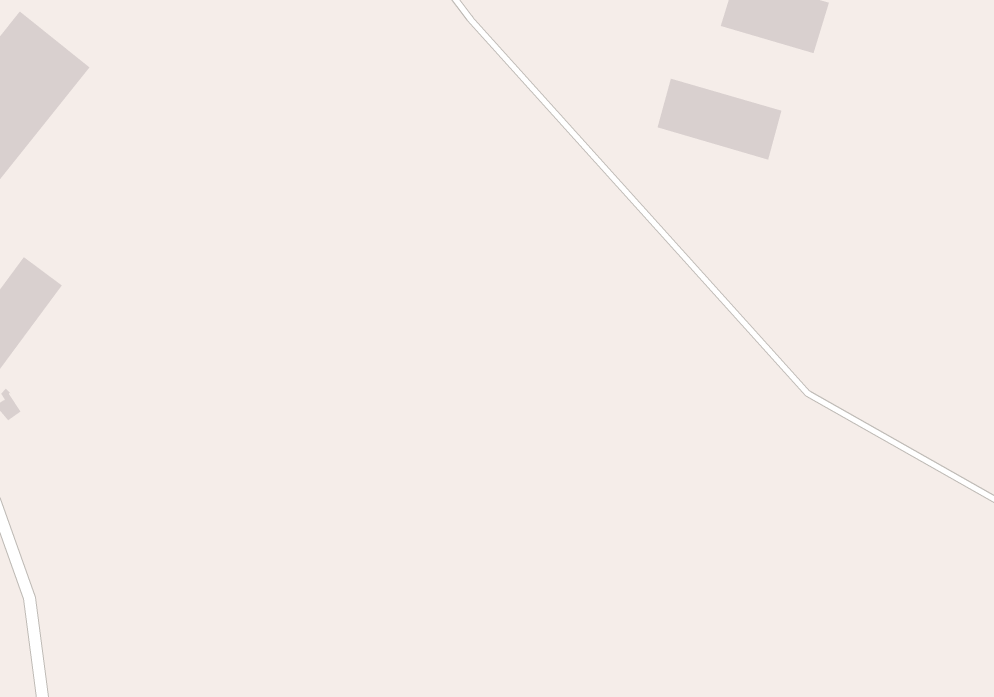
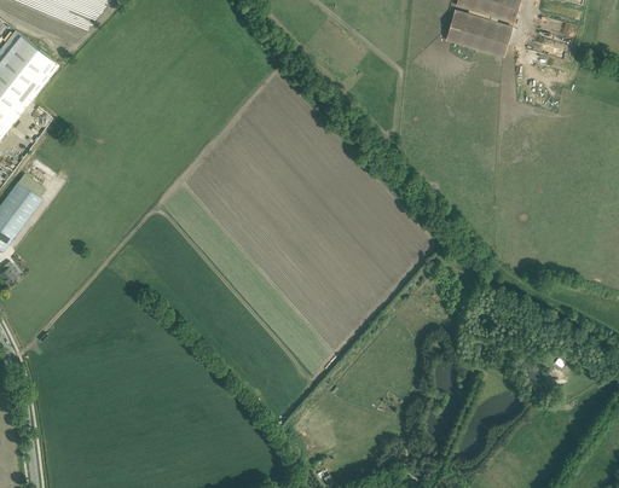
building: [657,78,782,160] -> none

